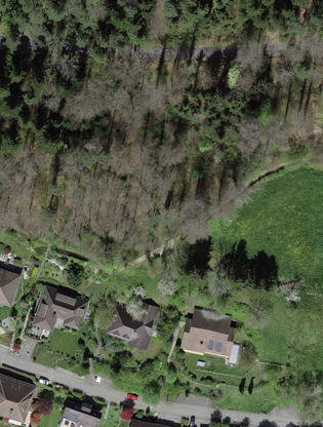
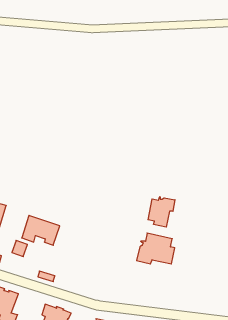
building: none -> [148,197,175,227]
building: [109,306,157,347] -> none

